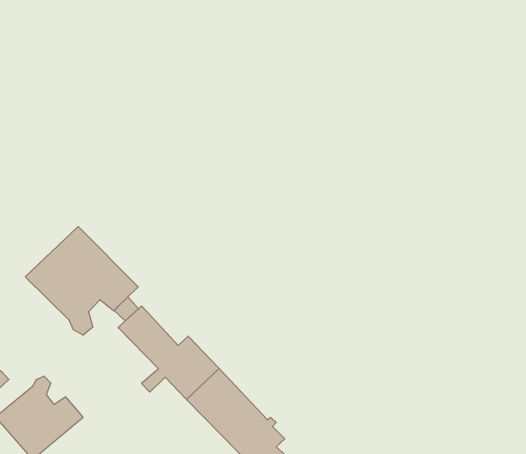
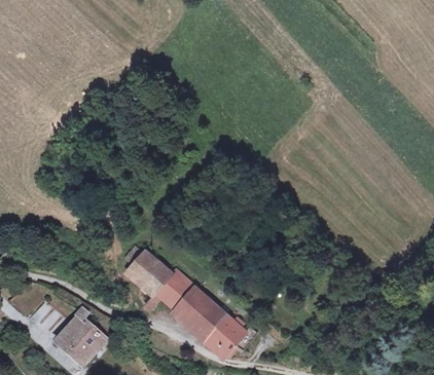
building: [25,227,138,335] -> none

